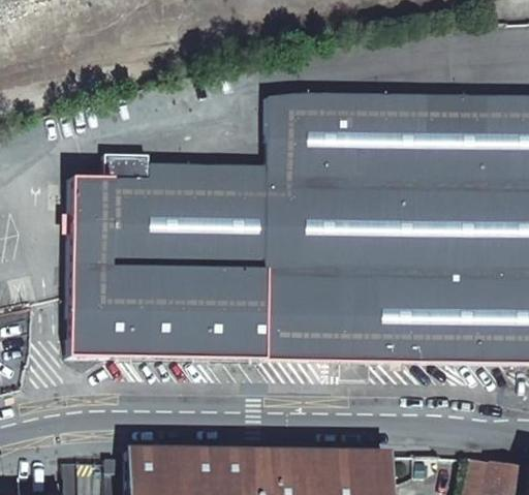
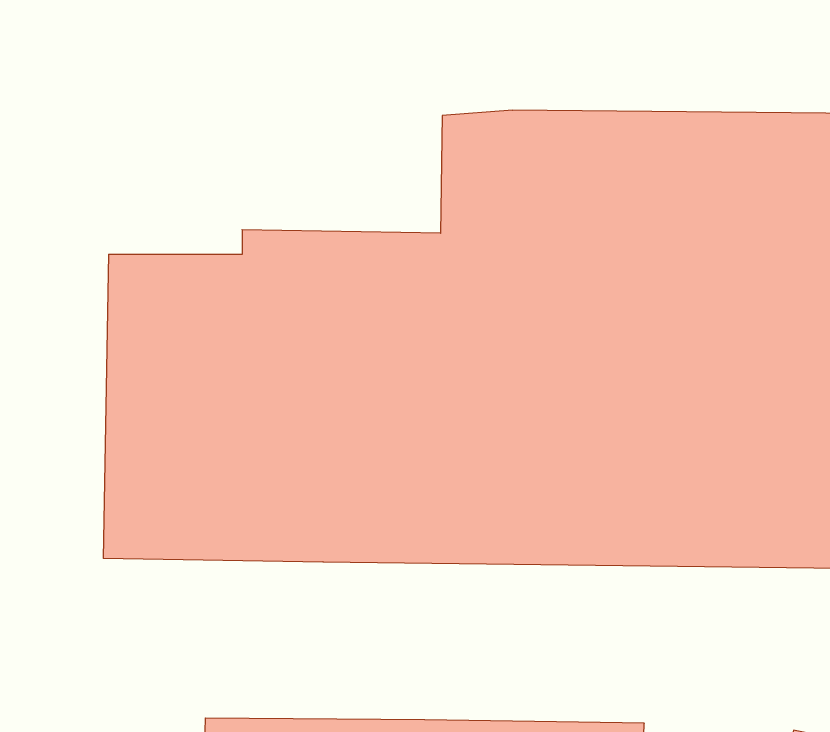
building: [106,153,151,177] -> none

